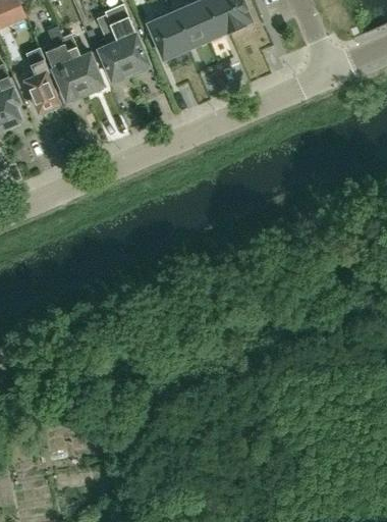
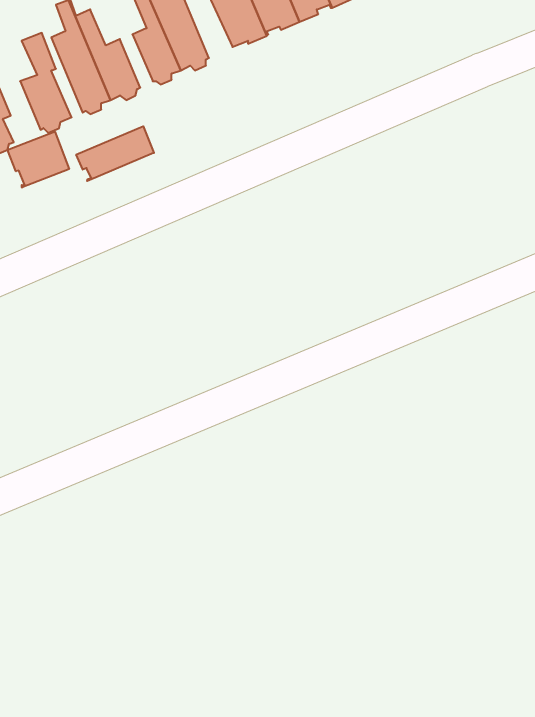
building: none -> [76,126,154,181]
building: none -> [8,132,69,188]

